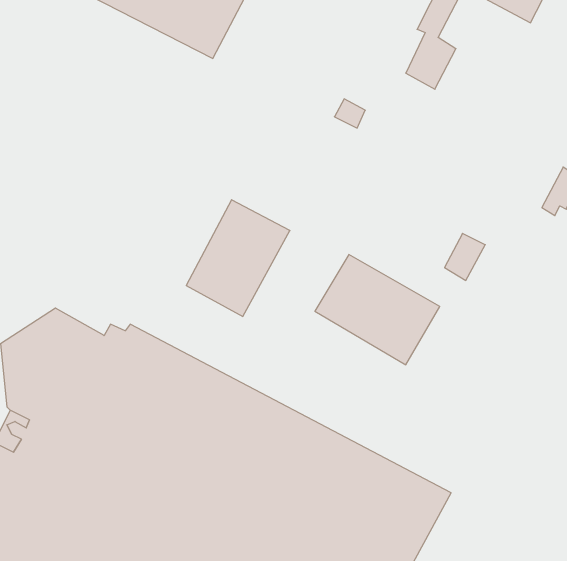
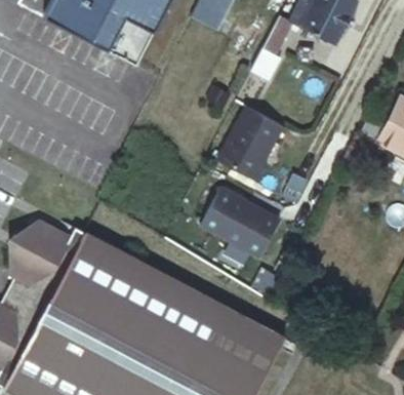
building: [186,200,290,316] -> [218,105,284,179]

